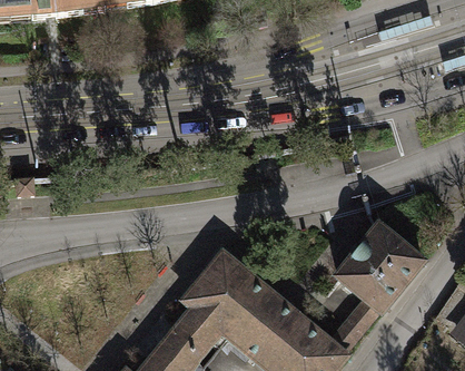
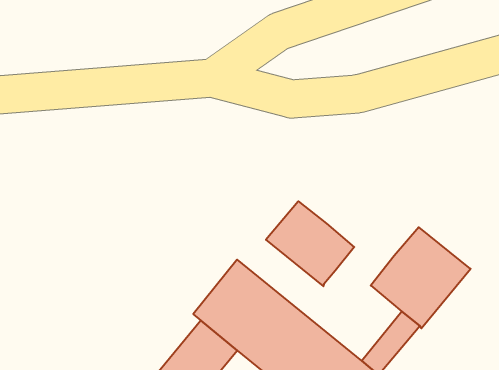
building: none -> [266,201,354,286]

